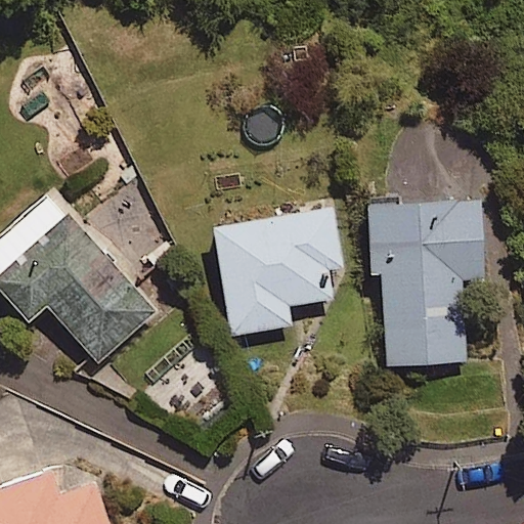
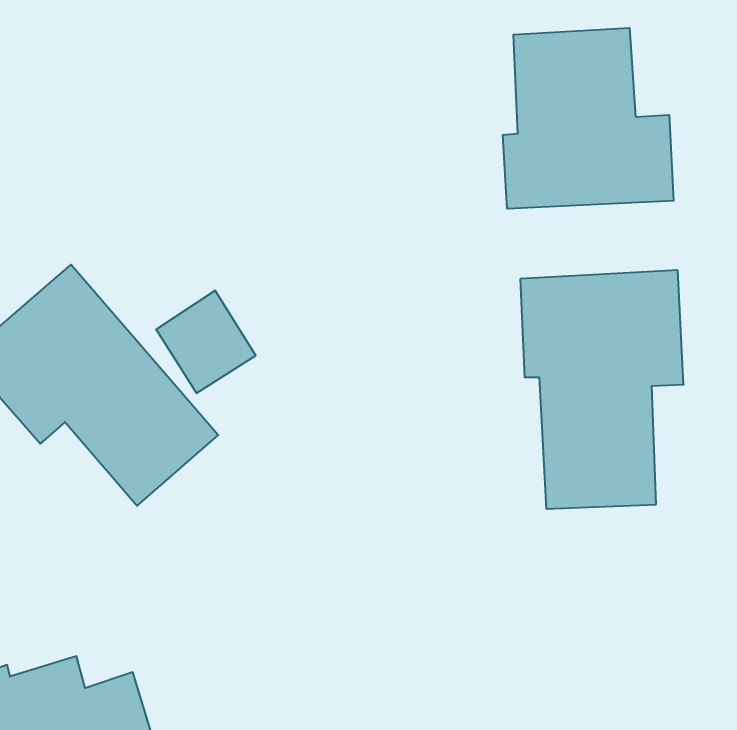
building: none -> [503,28,674,209]
building: [214,207,342,336] -> none

